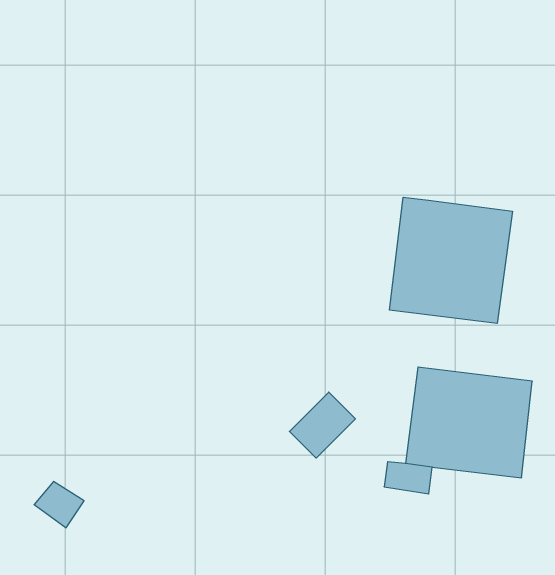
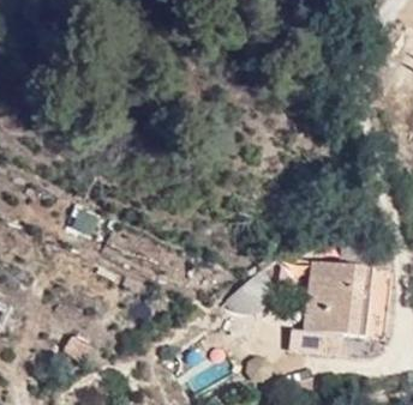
building: [390,197,512,323] -> none

